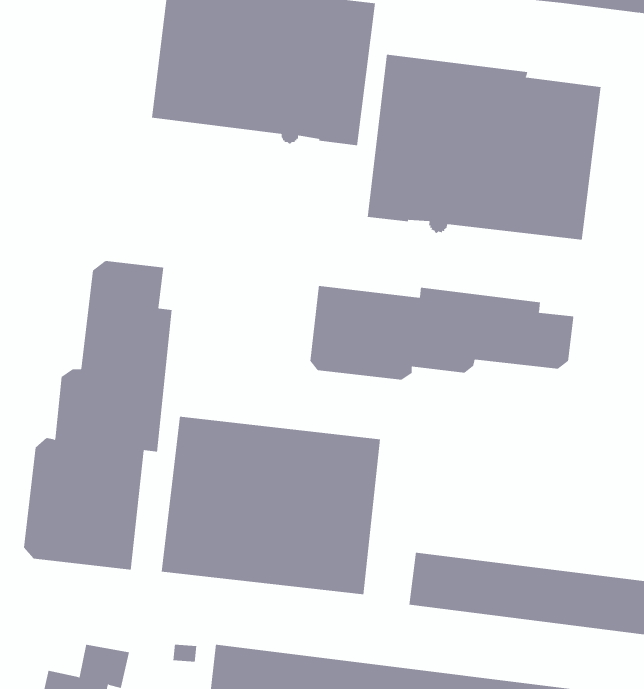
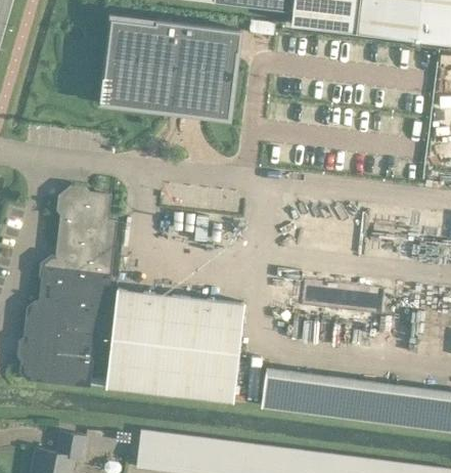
building: [367,54,601,241] -> none
building: [310,285,574,380] -> none

